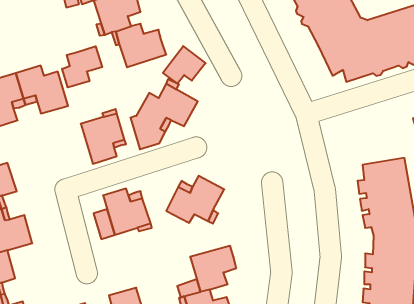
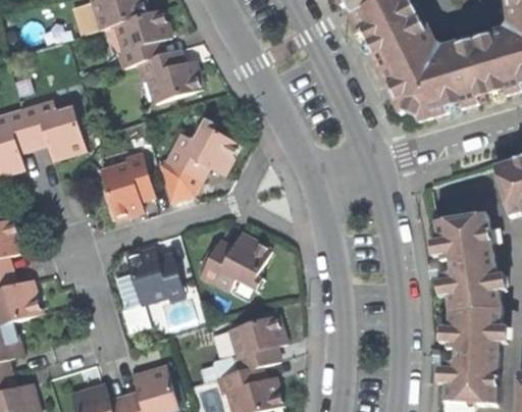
building: [163,46,206,84] -> none
building: [62,46,102,87] -> none

